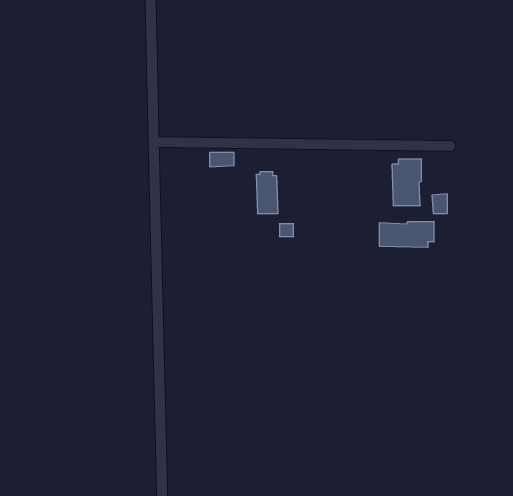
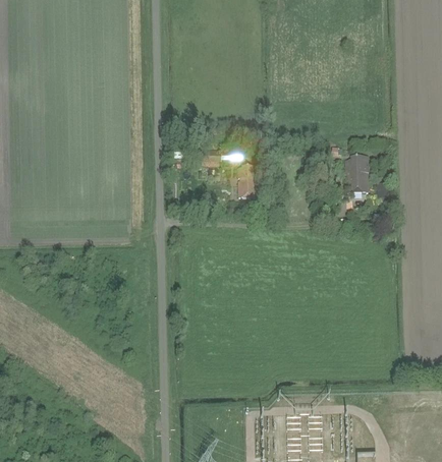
building: [379,221,434,248] -> none

